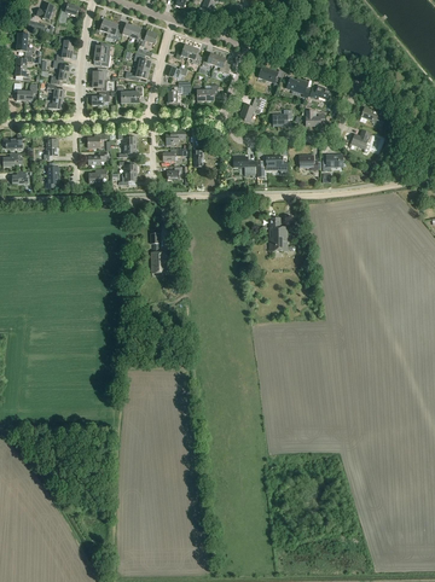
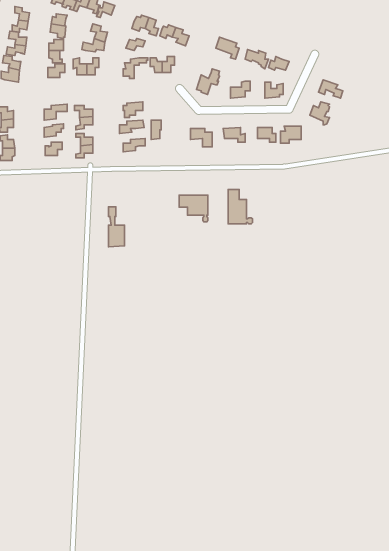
building: none -> [179,195,208,222]

